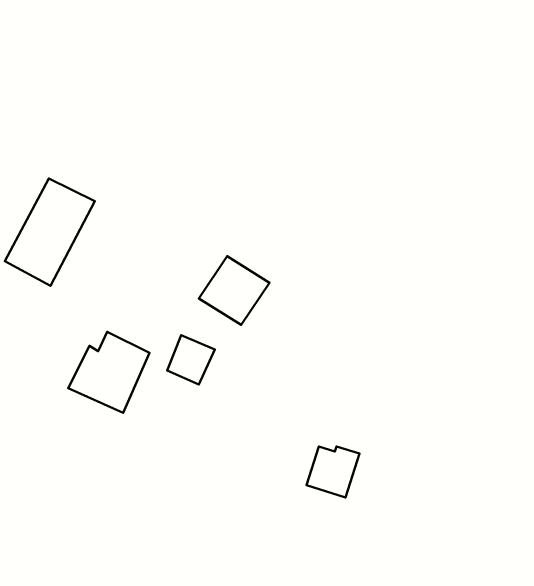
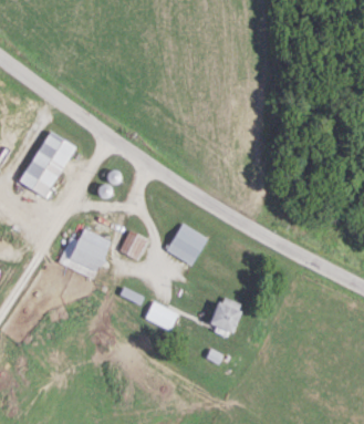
building: [199,256,270,325] -> [165,223,209,266]
building: none -> [145,300,179,329]

